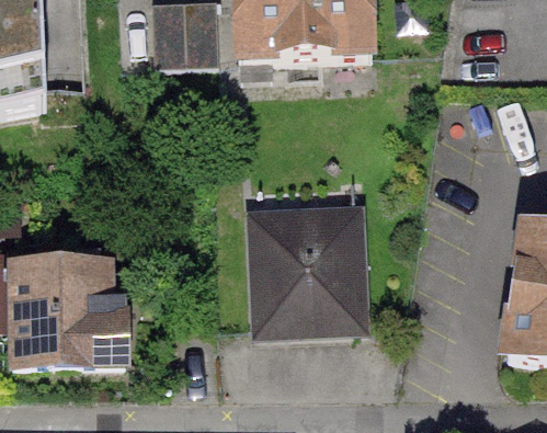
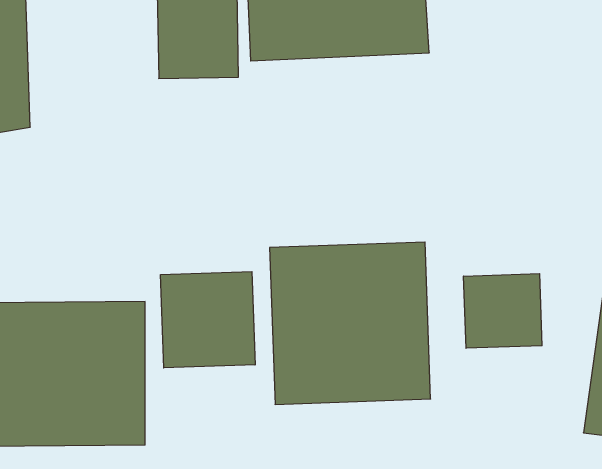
building: none -> [161,272,255,368]
building: none -> [464,274,542,348]

